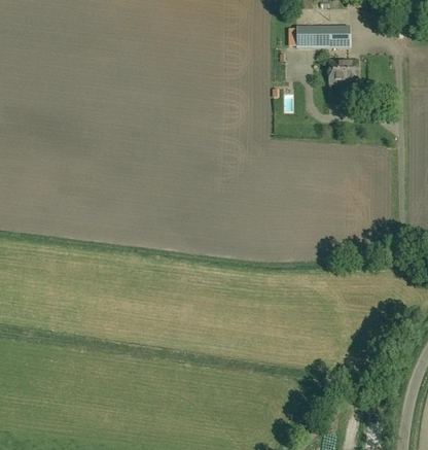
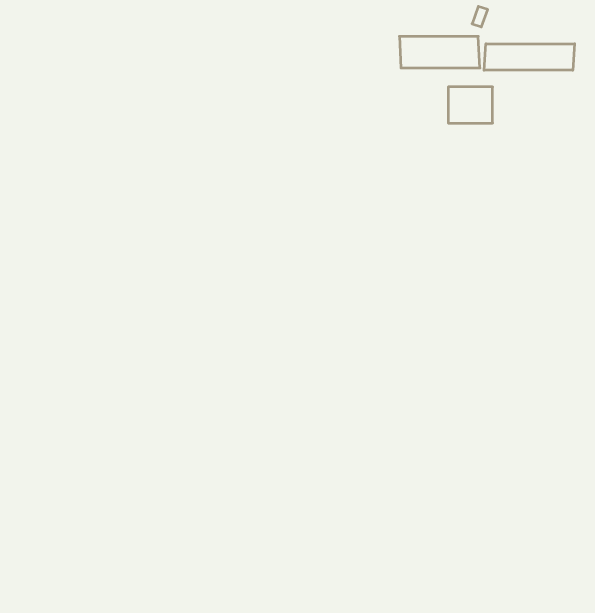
building: none -> [484,44,575,70]

